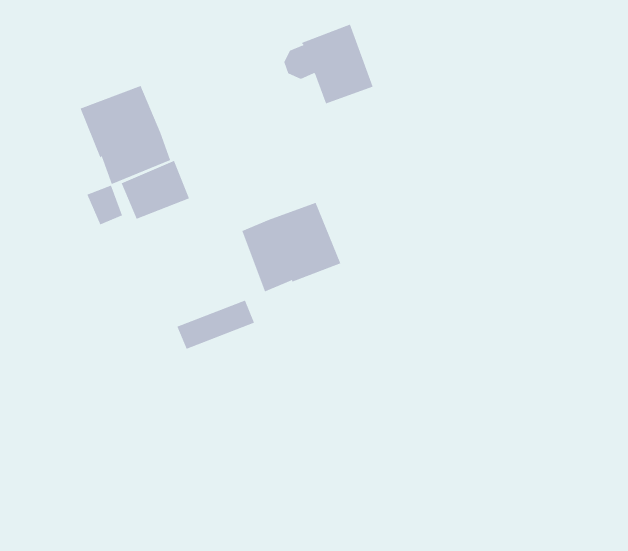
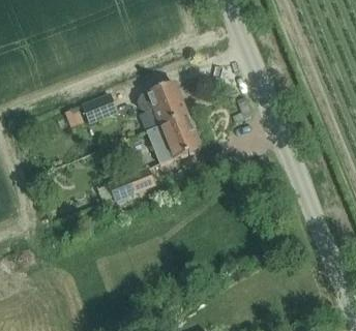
building: [284,24,374,104] -> [138,81,186,124]
building: [80,85,171,185] -> none

